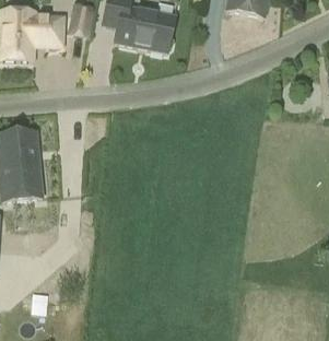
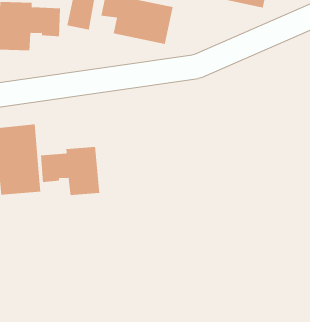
building: none -> [40,146,100,196]

